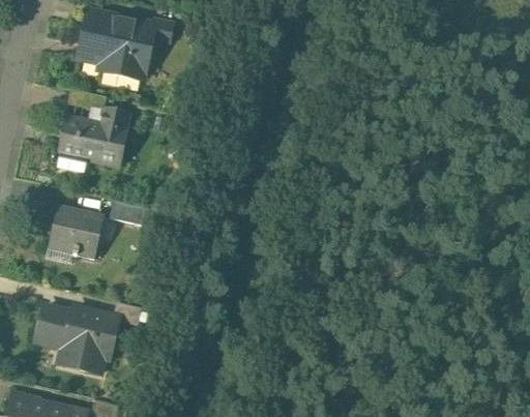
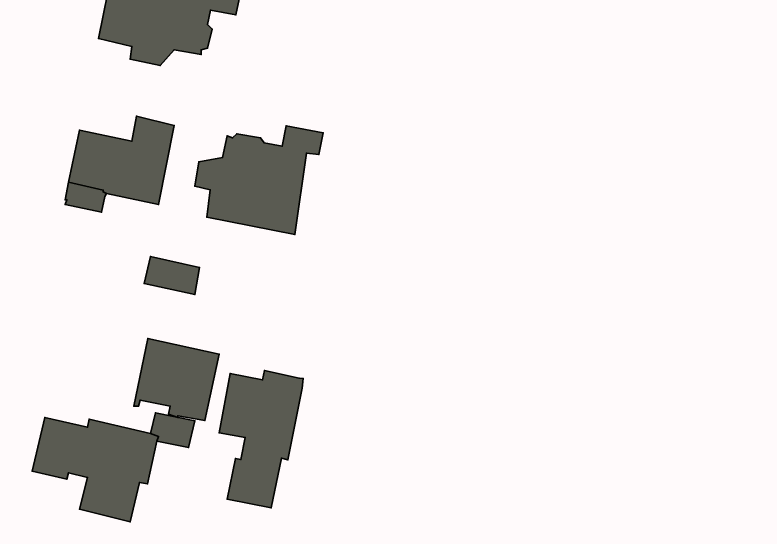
building: none -> [195,126,323,235]
building: [48,204,104,258] -> [134,338,219,421]
building: none -> [219,371,303,508]

